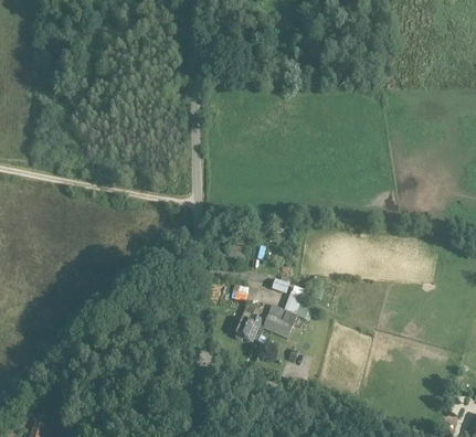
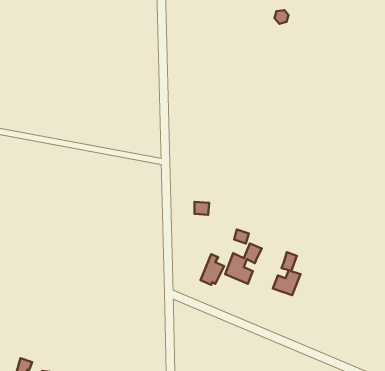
building: none -> [273,252,300,295]

